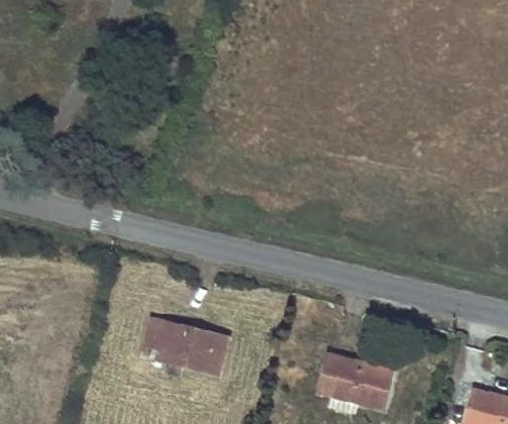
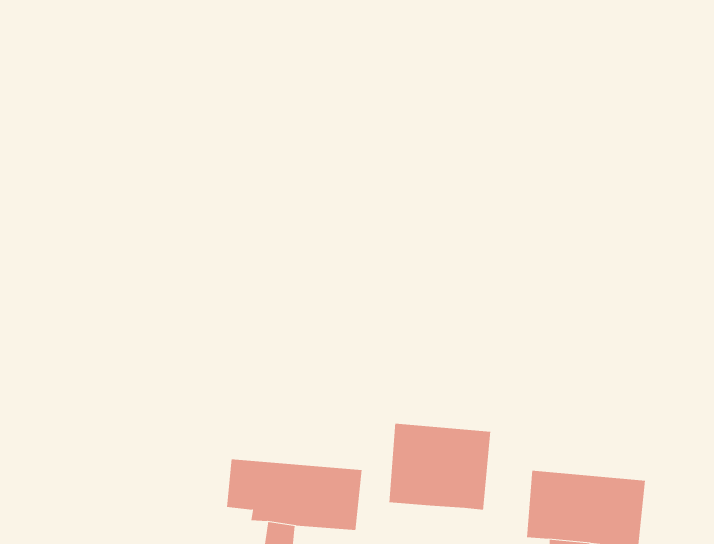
building: none -> [389,423,491,511]

